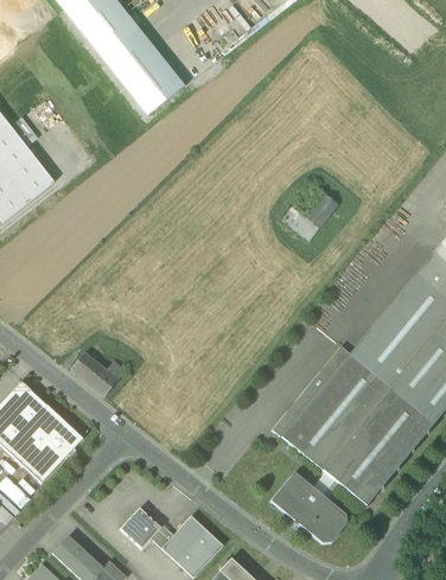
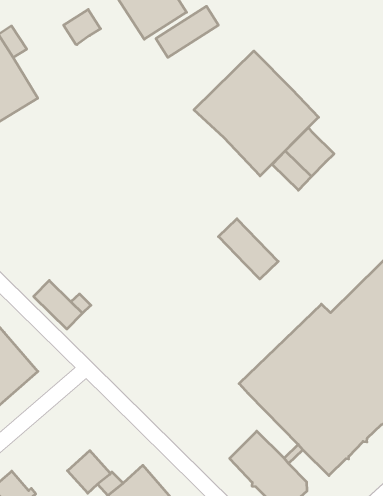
building: none -> [156,6,218,57]
building: none -> [64,9,101,45]
building: none -> [194,51,319,176]
building: none -> [218,219,278,279]

